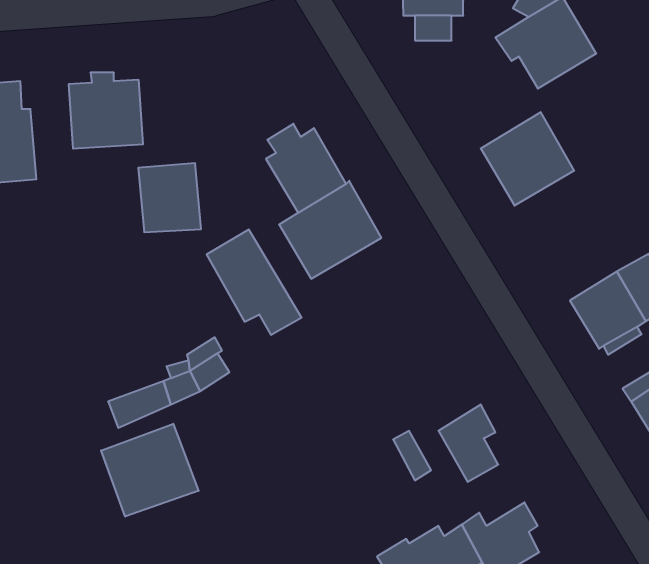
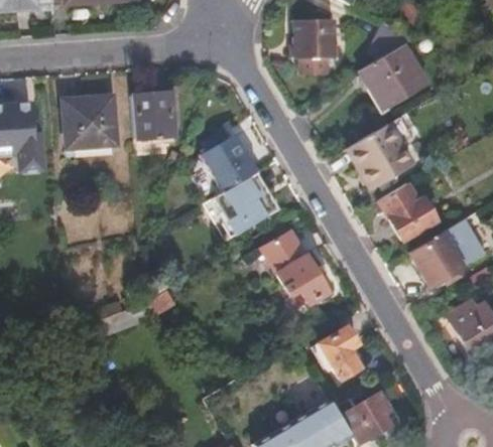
building: [138,163,201,232] -> [132,91,175,138]
building: none -> [379,184,438,241]
building: [207,230,302,335] -> [263,232,329,304]
building: [101,424,199,517] -> none

